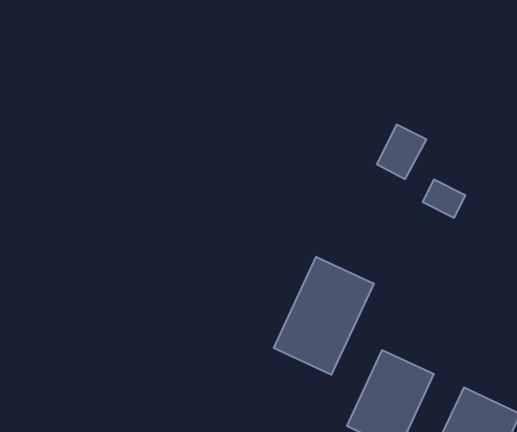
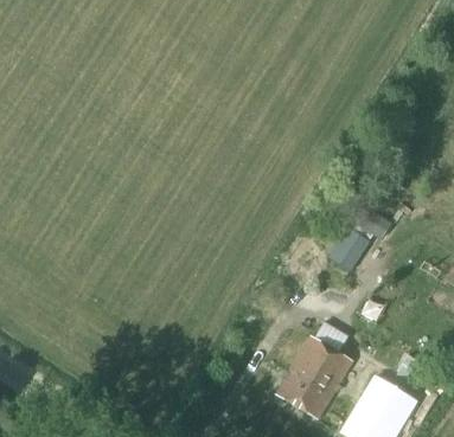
building: [377,125,426,179] -> [328,226,370,270]
building: [274,257,374,375] -> none

